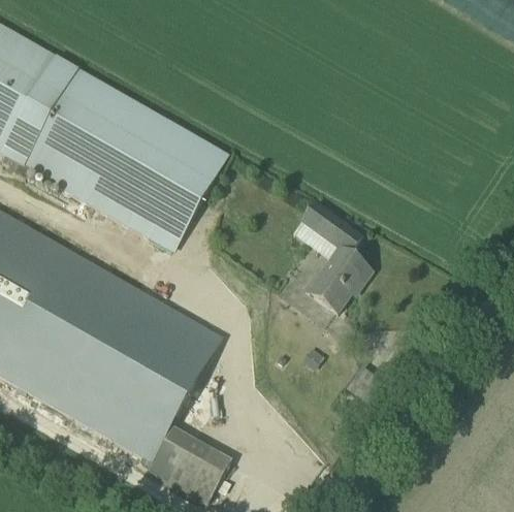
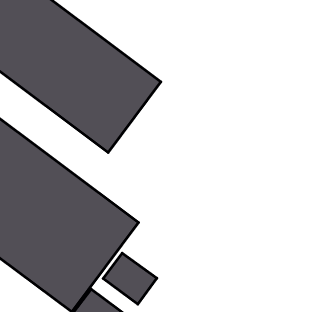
building: [298,200,368,312] -> none
building: none -> [103,253,157,304]

